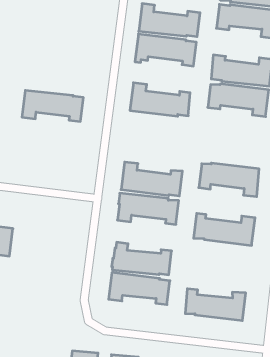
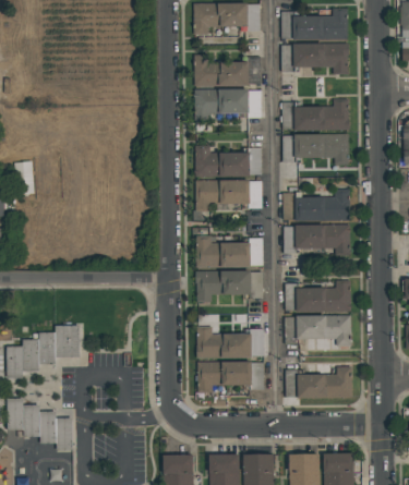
building: [22,90,83,121] -> [195,180,262,211]
building: none -> [282,190,350,221]
building: none -> [285,315,351,347]

